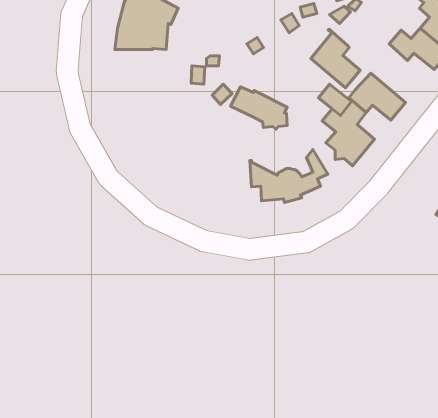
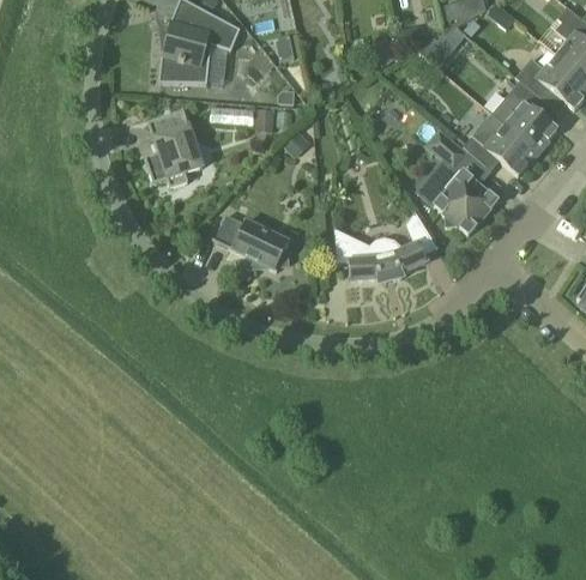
building: [311,29,360,88] -> [493,75,557,152]
building: none -> [145,110,203,187]
building: [230,87,287,129] -> [215,215,289,270]

